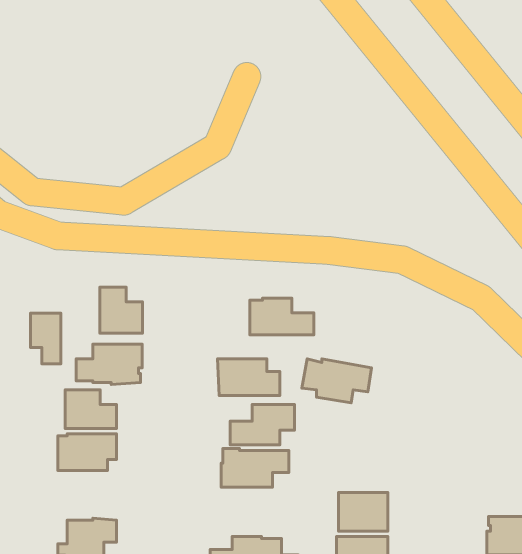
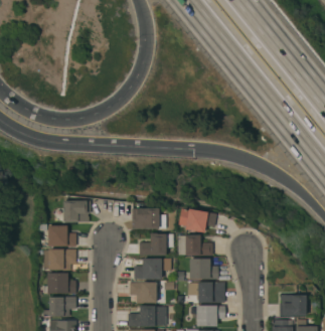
building: [100,287,142,333] -> none
building: [250,298,314,335] -> [178,234,213,255]
building: [30,313,61,364] -> none
building: none -> [190,259,218,280]
building: none -> [47,273,76,294]
building: none -> [130,282,157,303]

